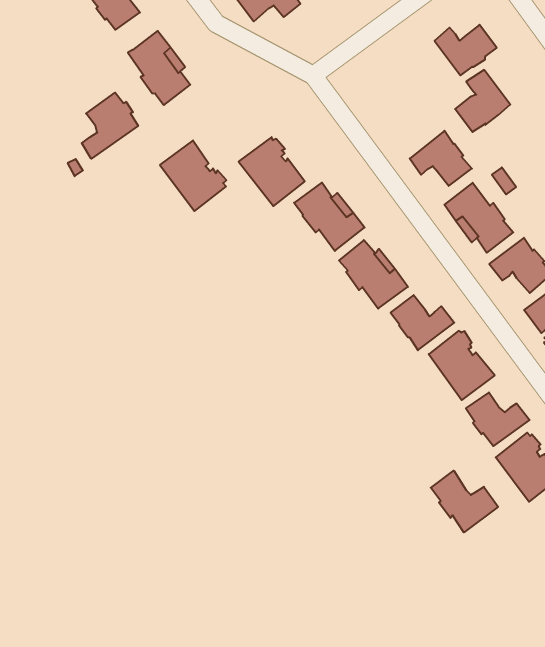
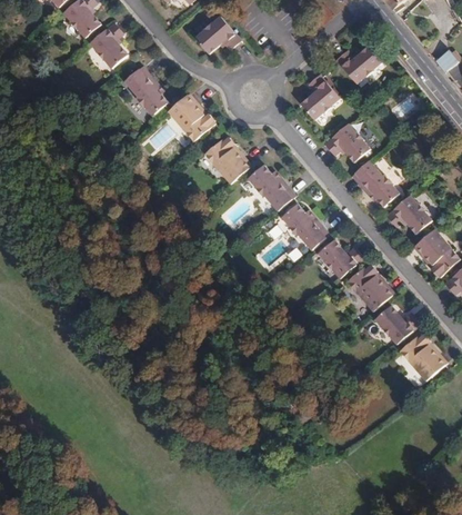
building: [455,70,510,132] -> [301,73,340,118]
building: [82,93,138,159] -> none
building: [160,140,226,211] -> [168,91,215,141]
building: [431,471,498,532] -> none

